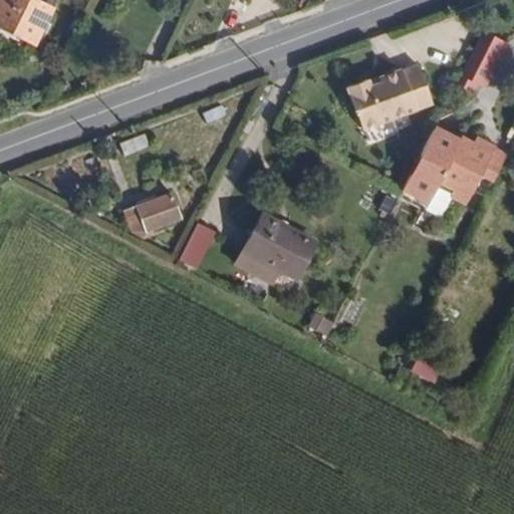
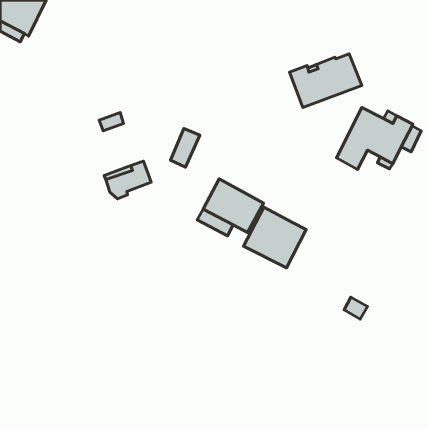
building: [457,30,507,92] -> none
building: [183,220,218,266] -> [170,128,200,167]
building: none -> [243,207,306,268]

